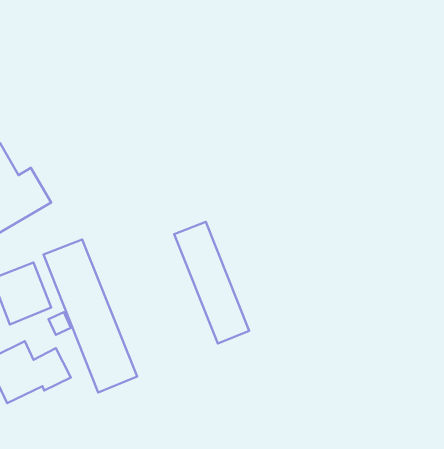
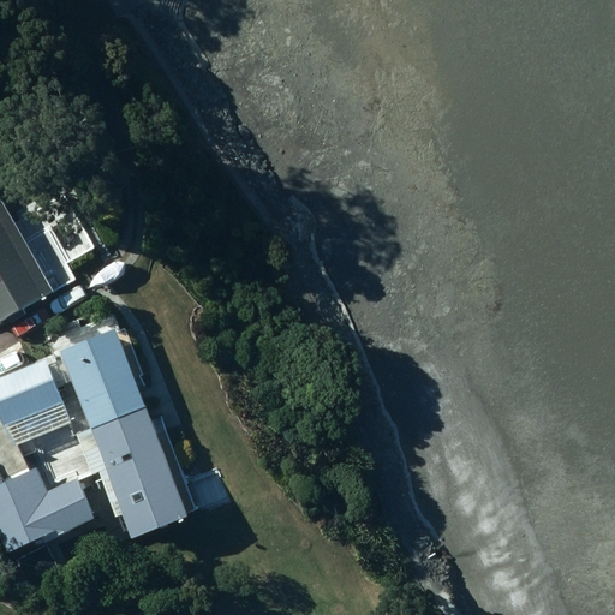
building: [174,222,249,344] -> none

